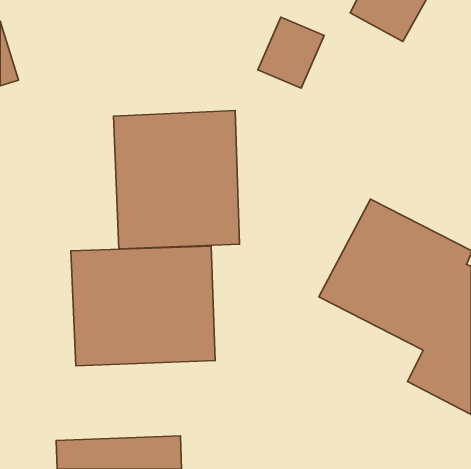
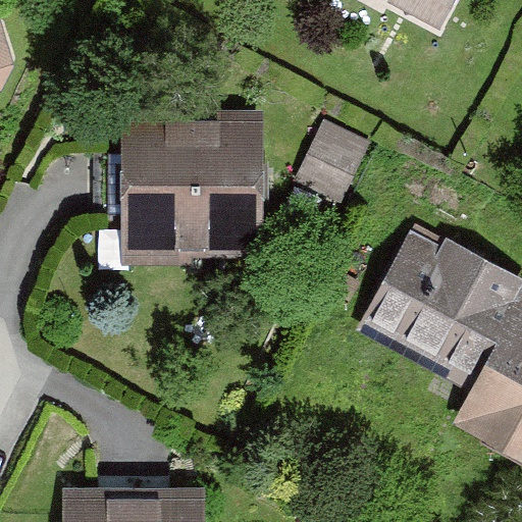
building: [258,17,324,88] -> [299,113,372,192]
building: [71,246,215,366] -> none

